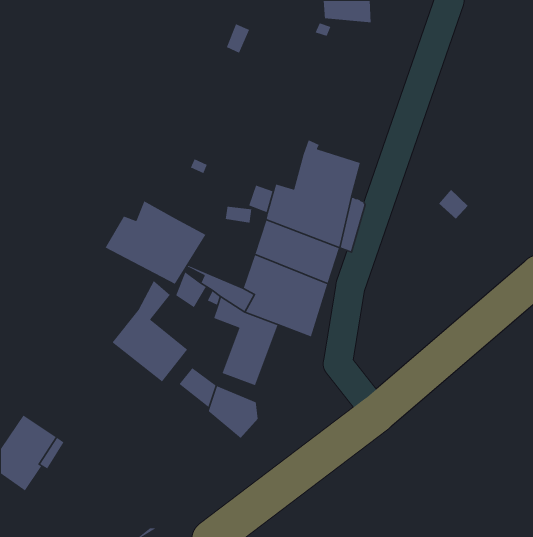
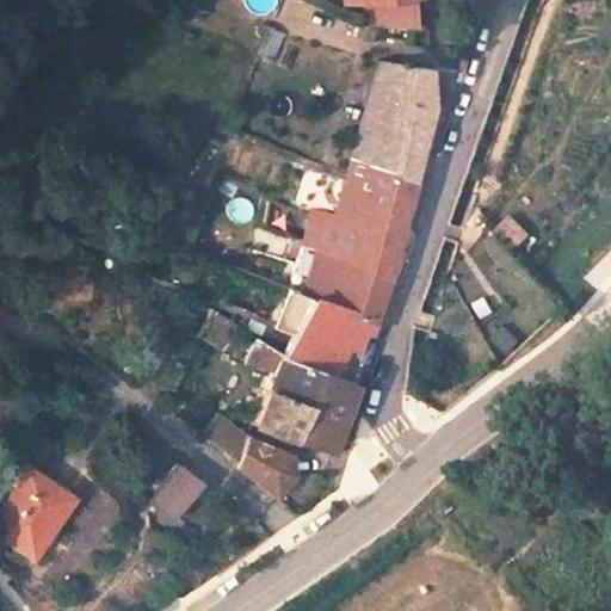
building: none -> [356,62,436,186]
building: [104,200,206,285] -> none
building: [111,280,188,382] -> none
building: none -> [296,370,359,452]
building: none -> [152,465,208,523]

